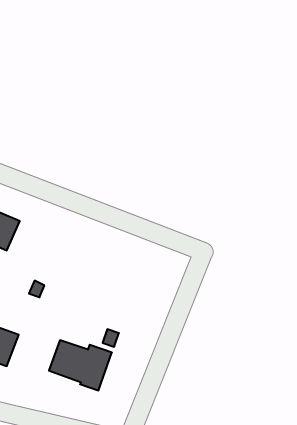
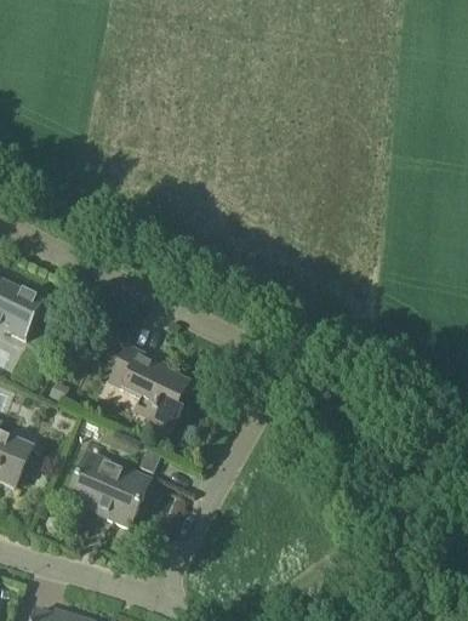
building: none -> [109,343,189,440]

